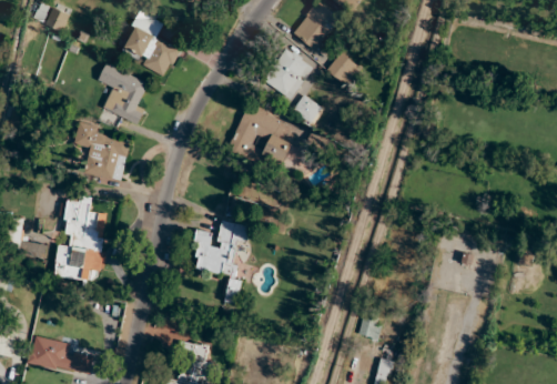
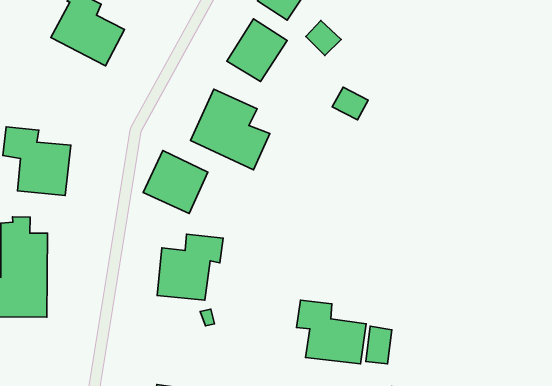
building: [97,62,148,125] -> none
building: [293,95,323,123] -> [332,87,368,120]
building: none -> [143,151,208,214]
building: none -> [296,300,366,364]

